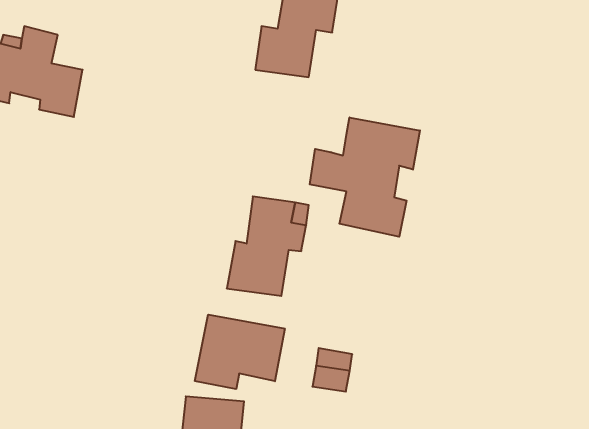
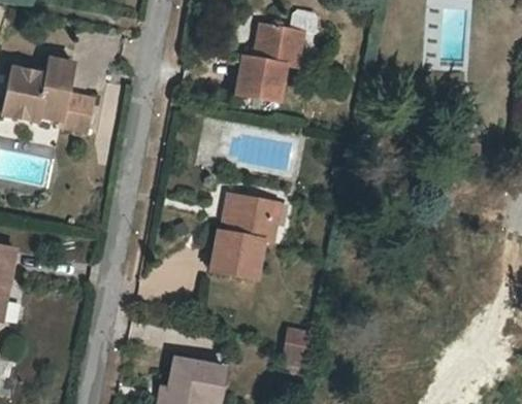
building: [310,117,420,237] -> none
building: [195,315,285,389] -> none

